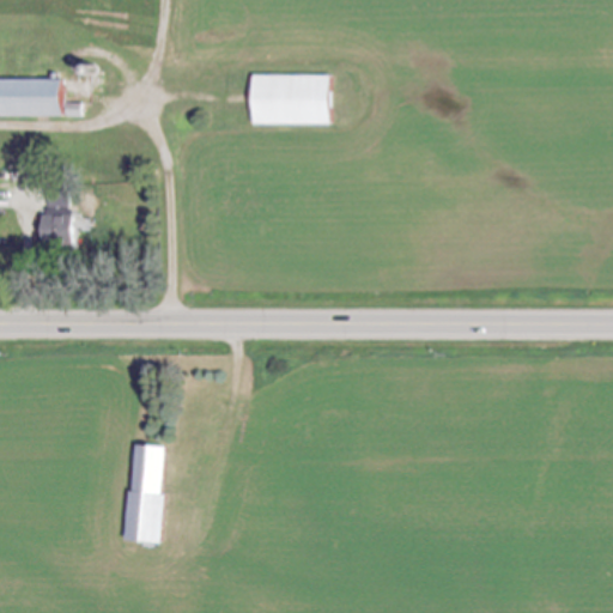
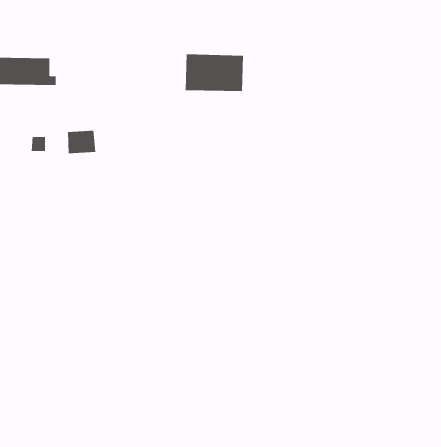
building: [36,213,75,245] -> [67,130,96,154]
building: [125,444,164,542] -> none

